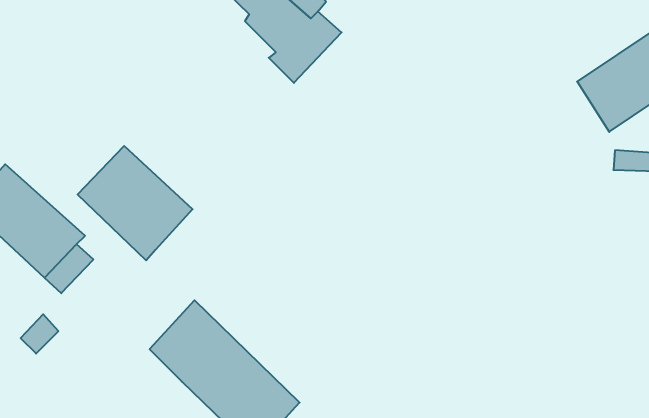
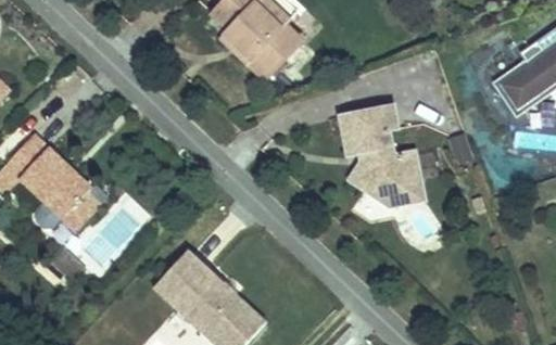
building: none -> [352,113,433,210]
building: [78,146,193,260] -> none

